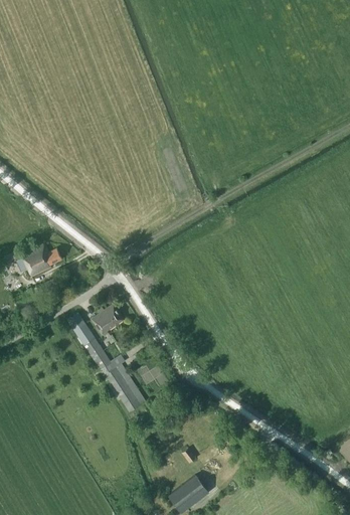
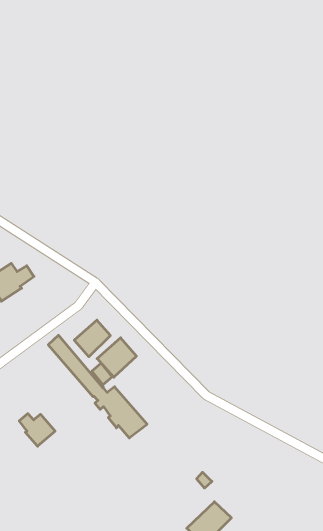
building: none -> [97,338,136,377]
building: none -> [19,414,55,446]

